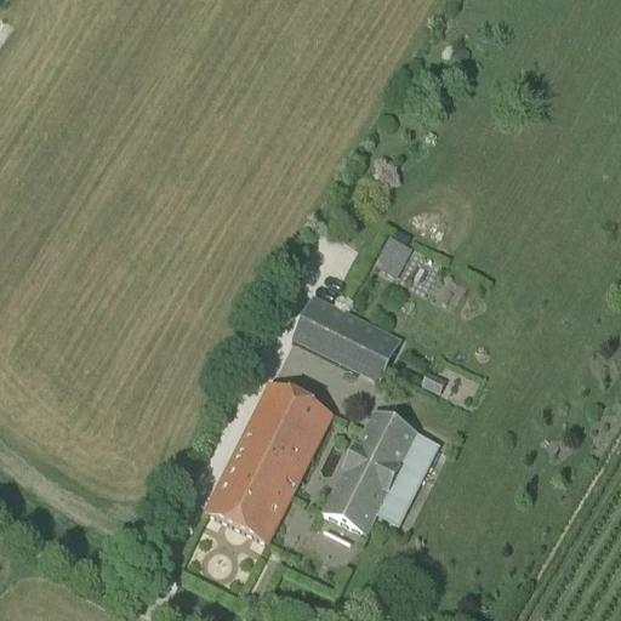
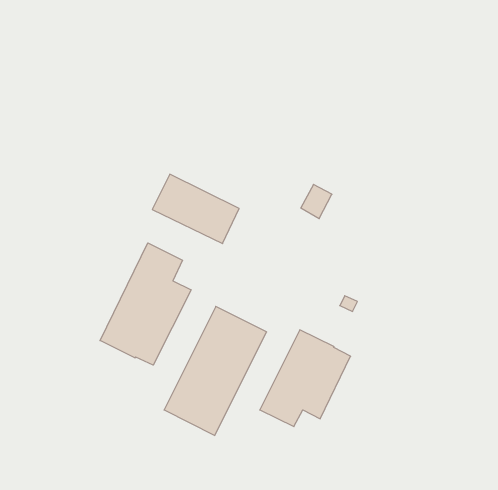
building: [291,294,399,380] -> [152,174,239,244]
building: none -> [100,243,191,365]

